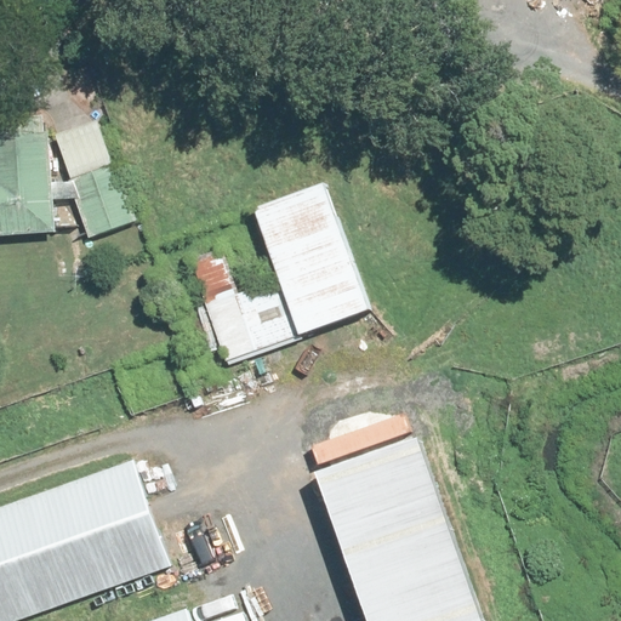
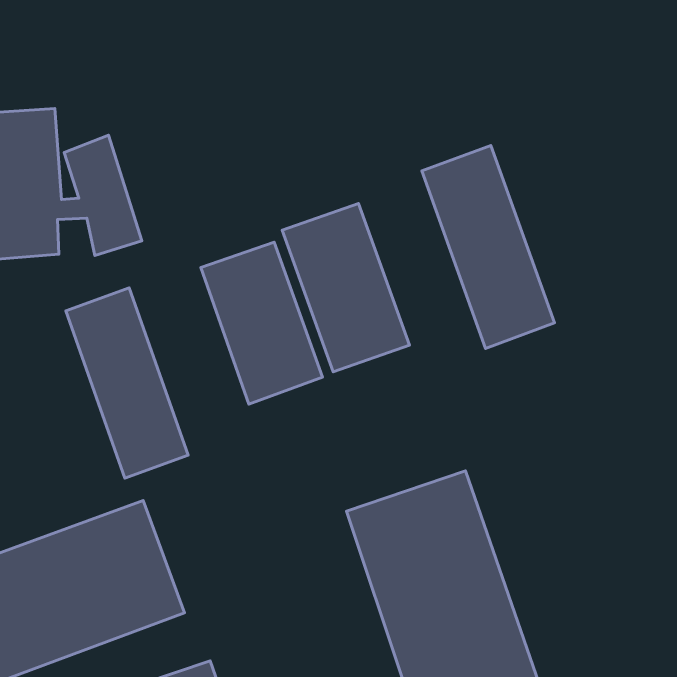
building: none -> [422,145,554,348]
building: none -> [66,288,188,478]

